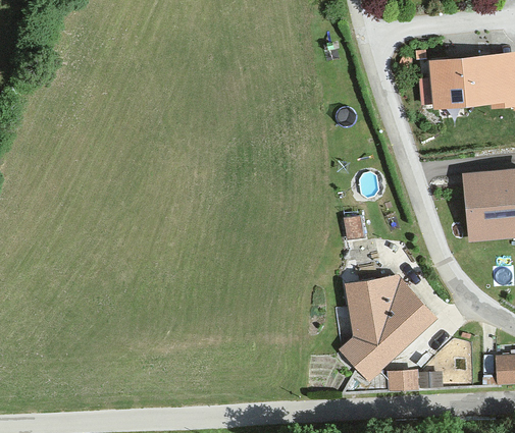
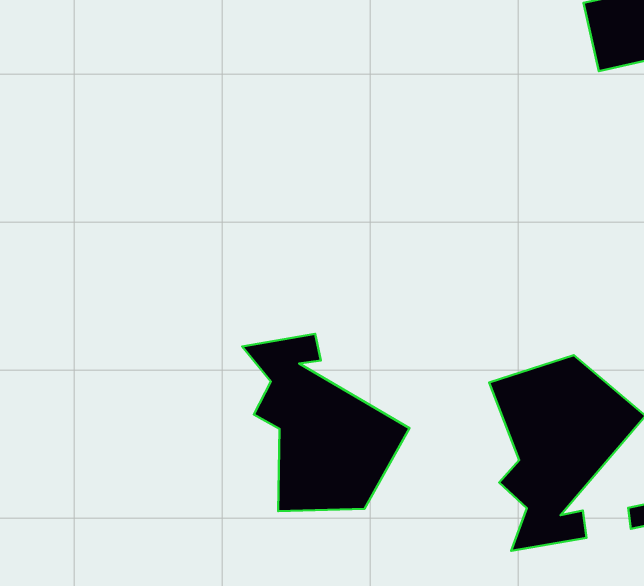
building: none -> [242,334,410,511]

